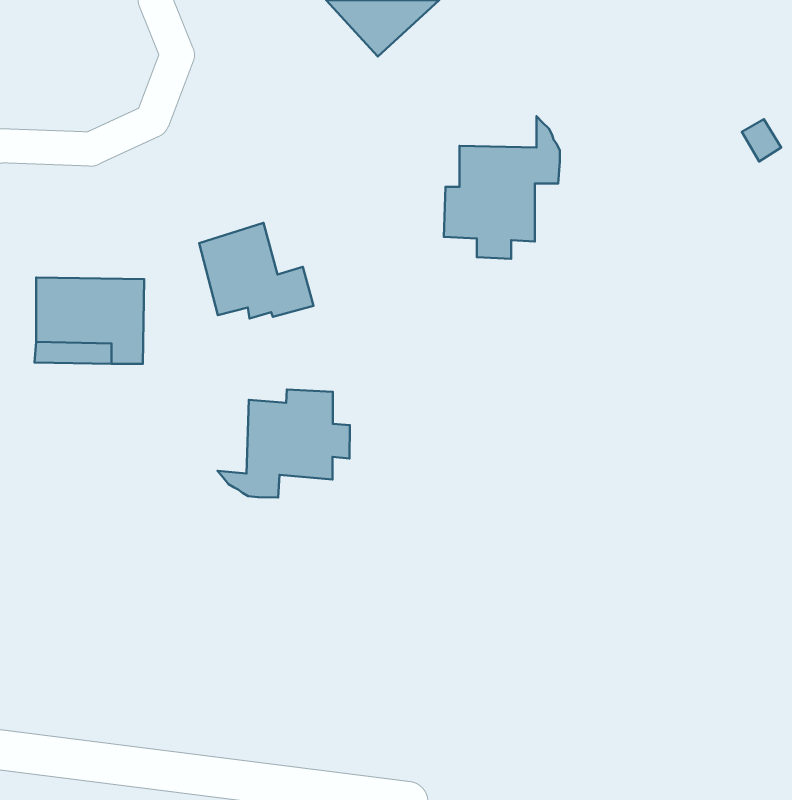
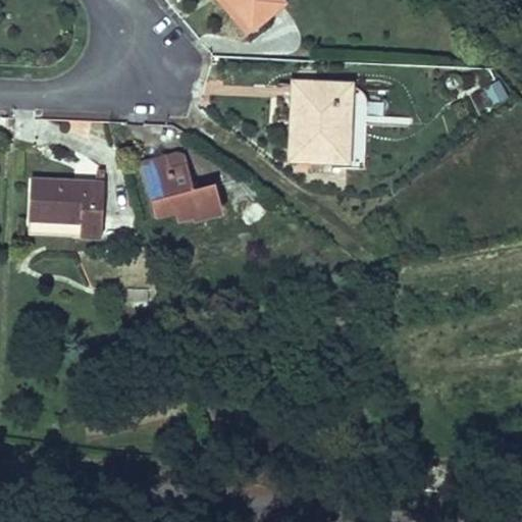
building: none -> [305,74,355,97]
building: [218,389,350,497] -> none

